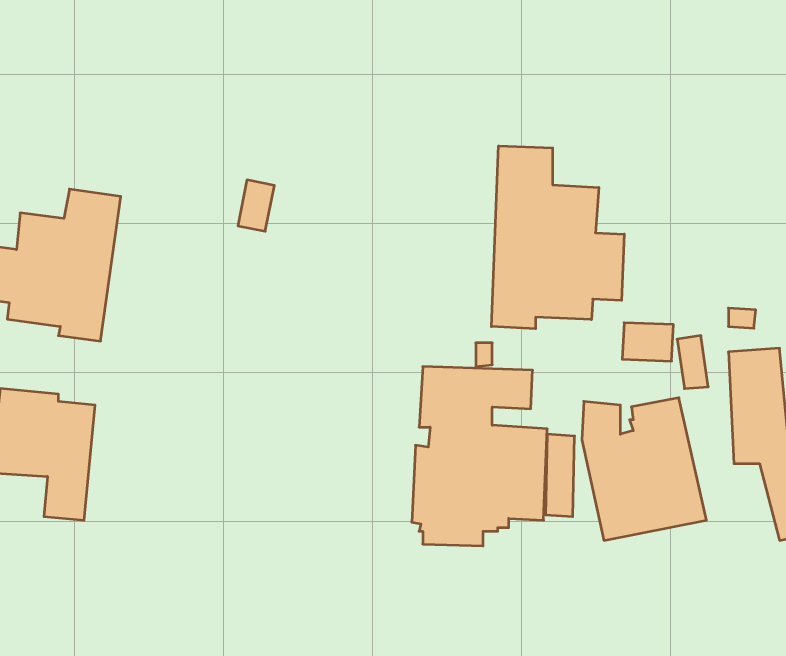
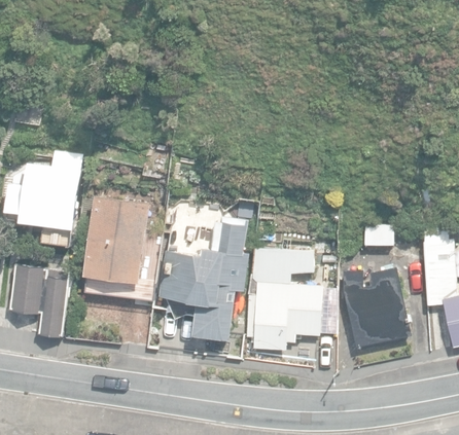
building: [491,146,624,329] -> none
building: none -> [82,194,151,293]
building: none -> [158,223,247,341]

